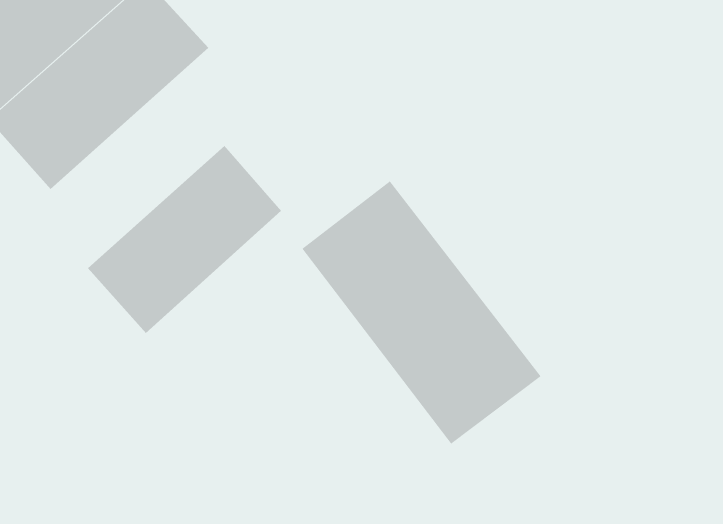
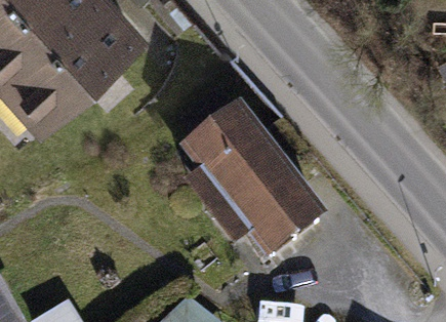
building: [87,145,282,334] -> none

